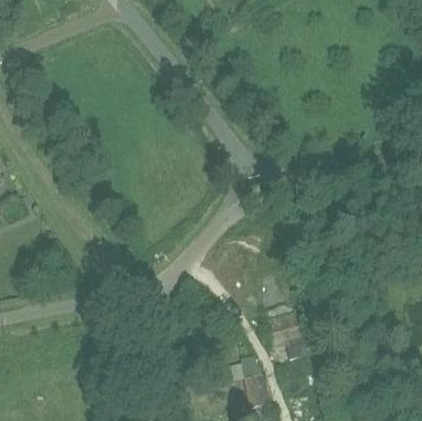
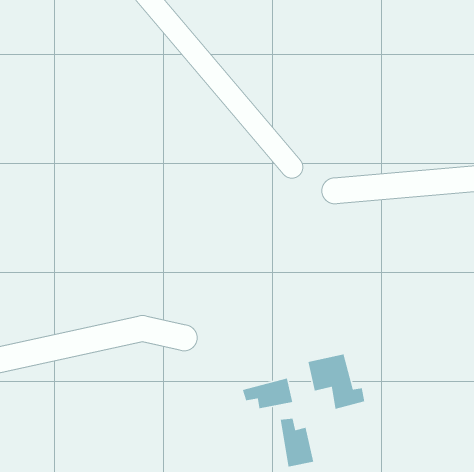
building: none -> [242,378,293,409]

